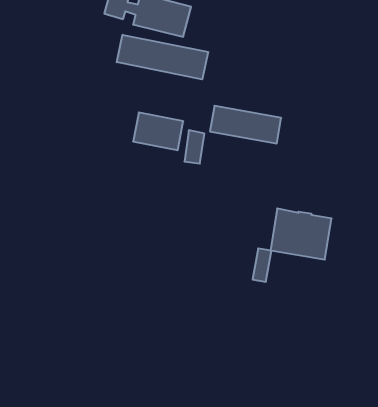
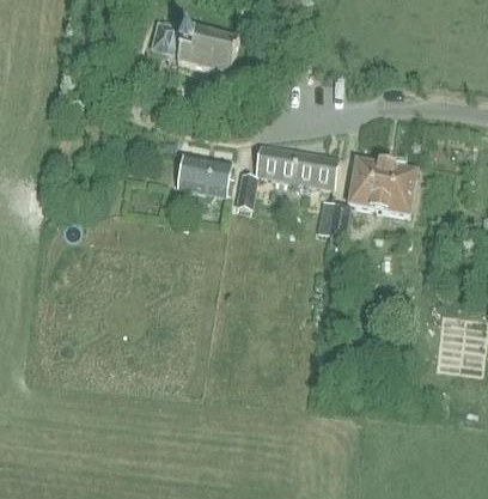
building: [117,35,208,79] -> none
building: [253,208,332,282] -> [330,157,415,236]

